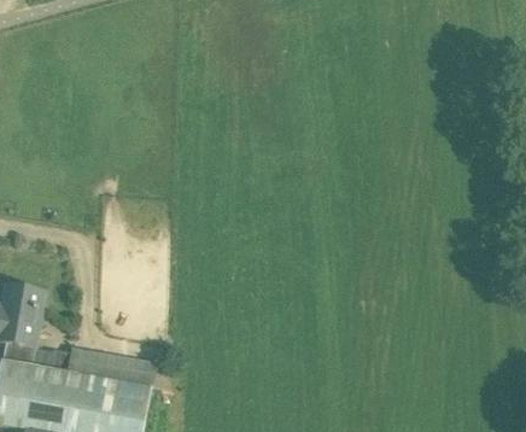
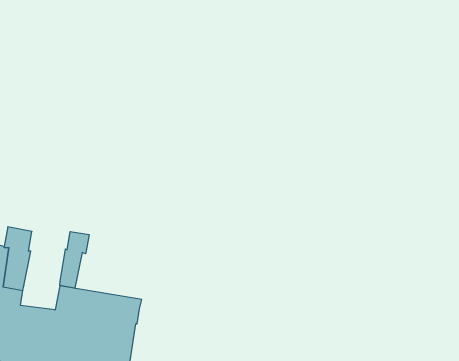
building: none -> [60,232,89,288]

